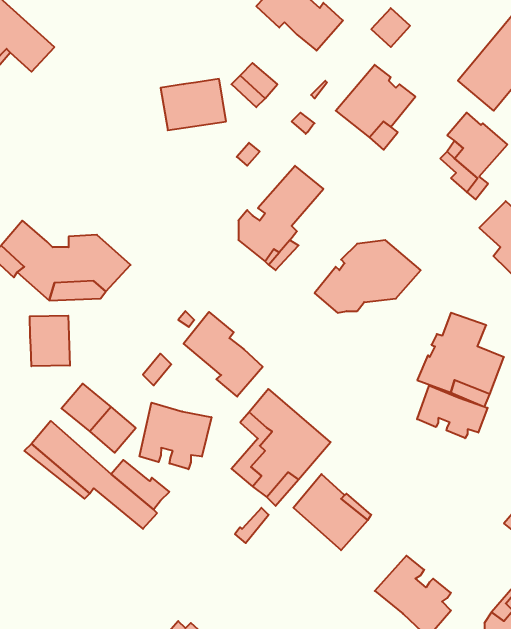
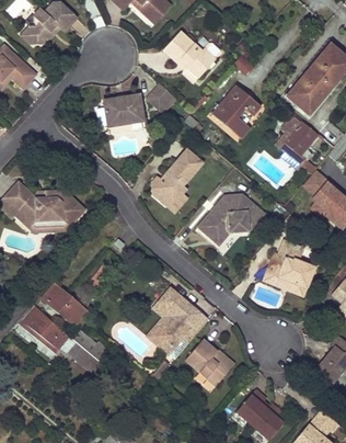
building: [184,312,263,397] -> none
building: [30,316,70,366] -> none
building: [417,385,488,438] -> none
building: [139,403,211,469] -> none

